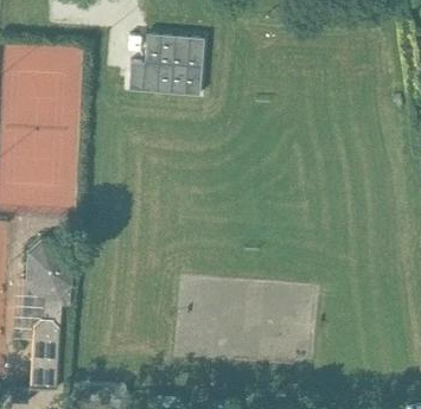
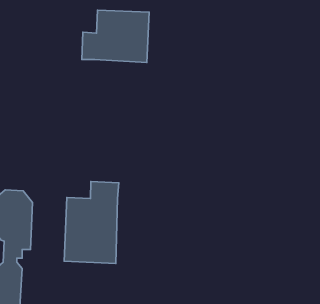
building: none -> [64,182,119,264]

